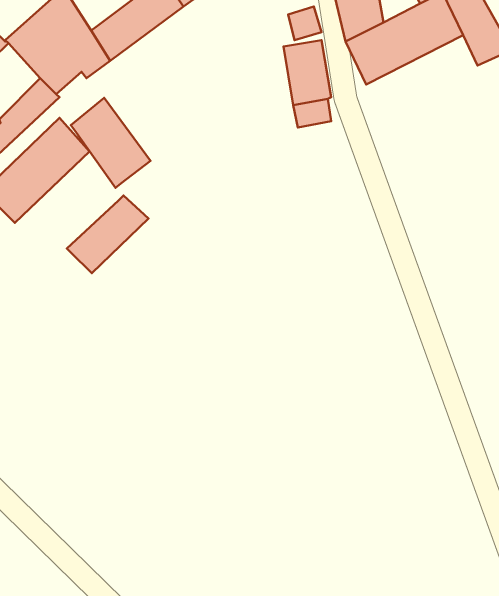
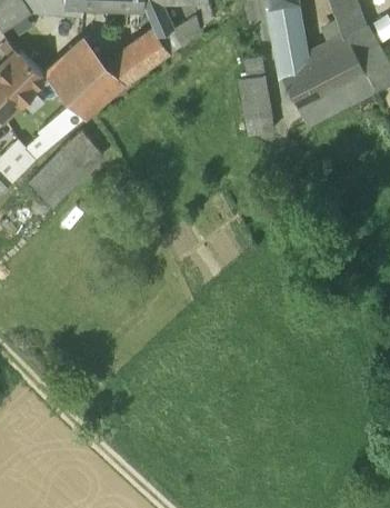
building: none -> [296,71,373,127]
building: [71,98,150,188] -> none
building: [67,196,149,273] -> none

